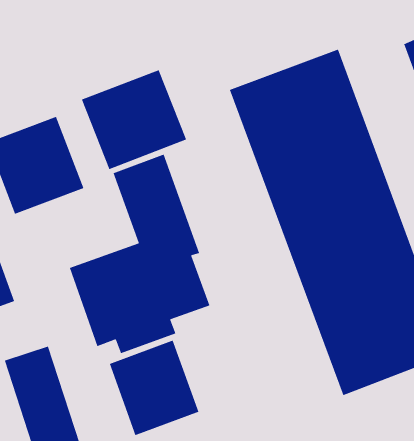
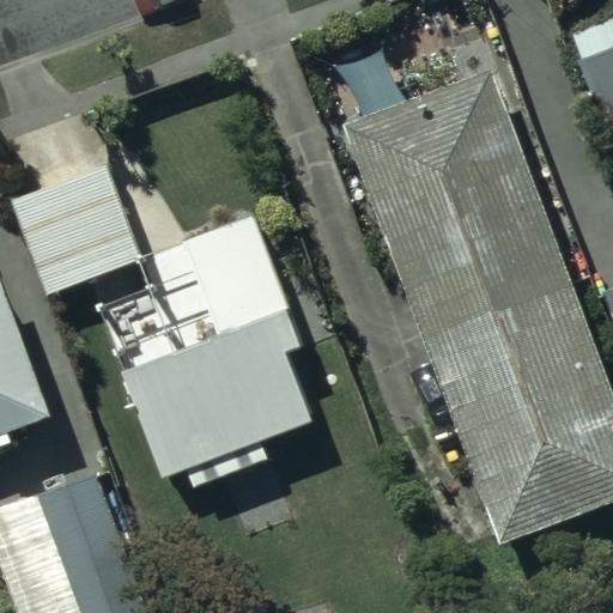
building: [81,69,187,170] -> none
building: [109,339,199,436] -> none

